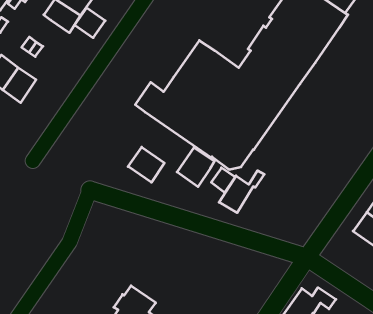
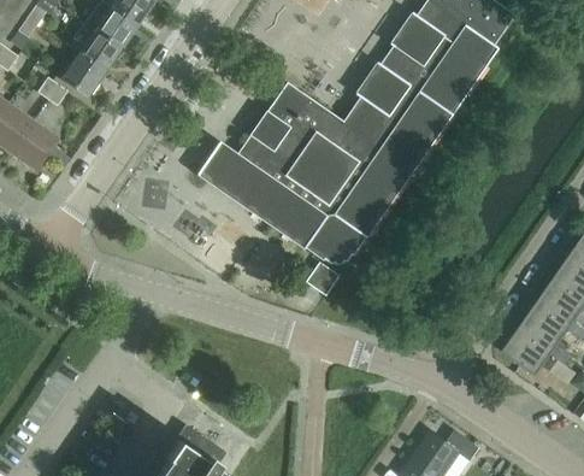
building: [74,8,105,38] -> [61,54,105,96]
building: [128,147,164,182] -> none
building: [177,147,214,187] -> none
building: [219,171,264,213] -> none

